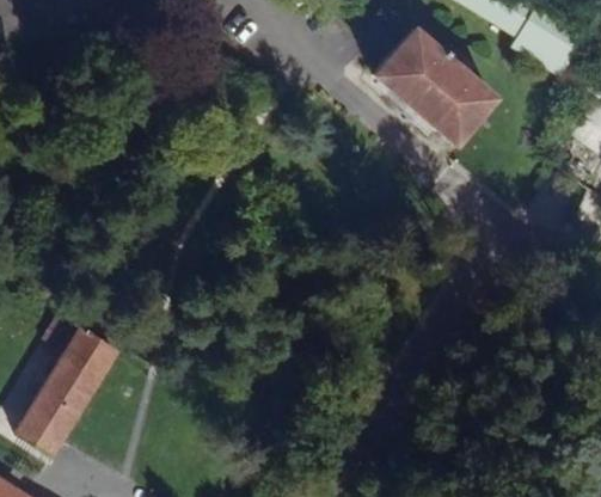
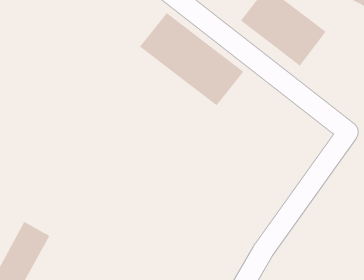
building: none -> [139,12,244,106]

